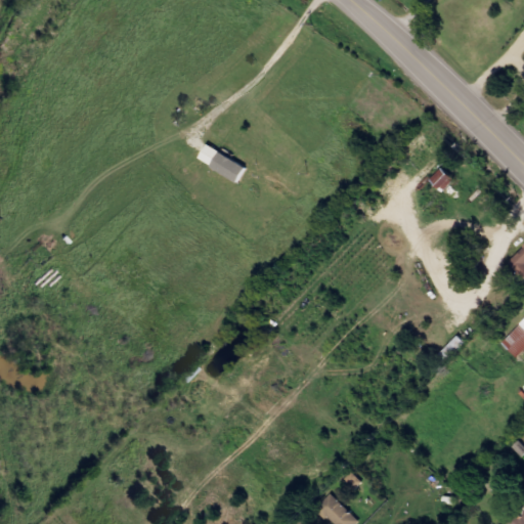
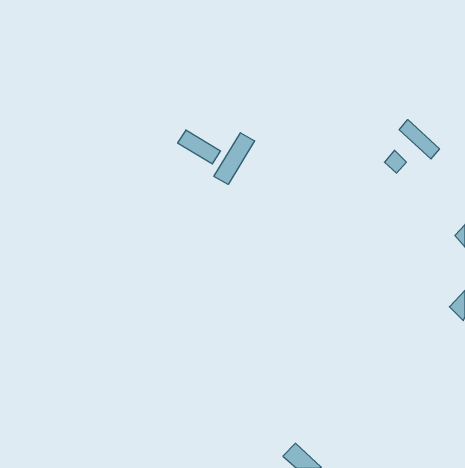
building: none -> [399,120,439,159]
building: none -> [214,133,255,184]

